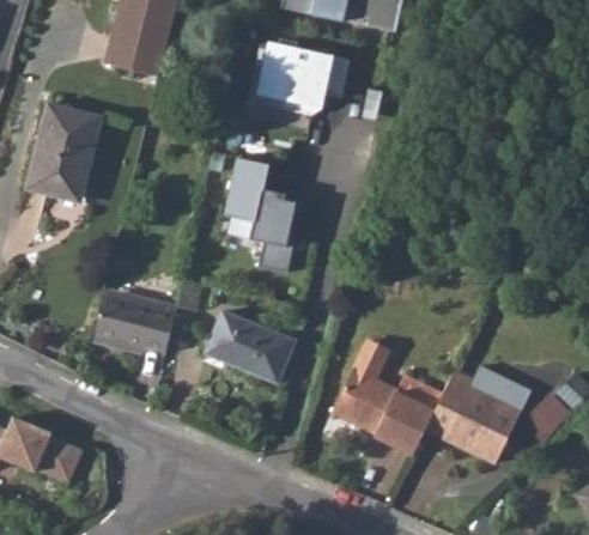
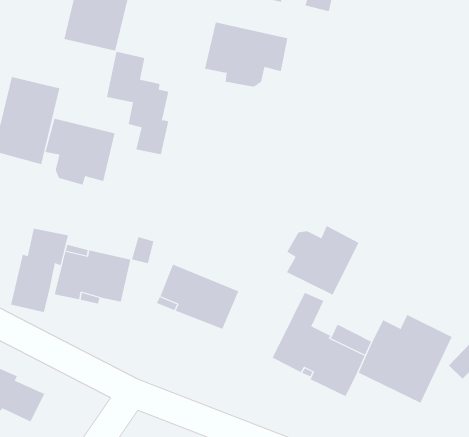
building: none -> [45,118,115,186]
building: [226,158,296,272] -> [106,51,169,155]
building: none -> [286,225,359,295]
building: none -> [11,228,69,313]

